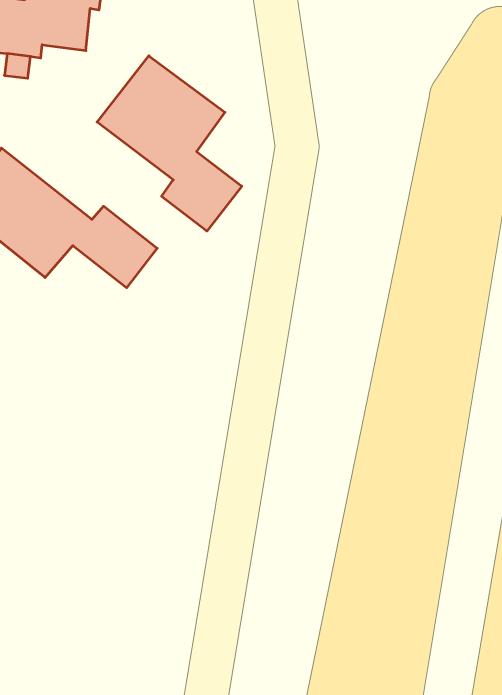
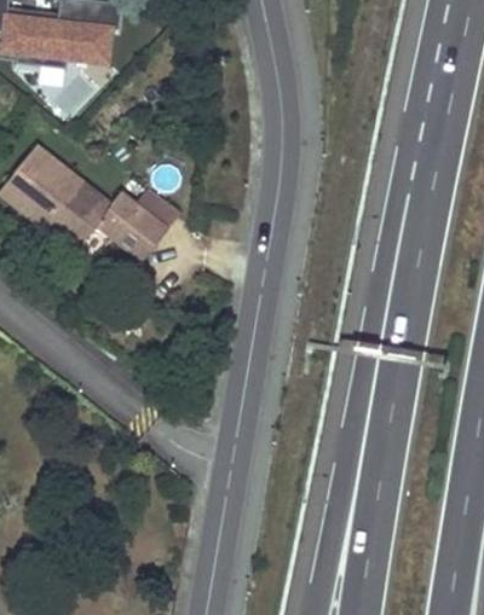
building: [97,56,242,231] -> none

